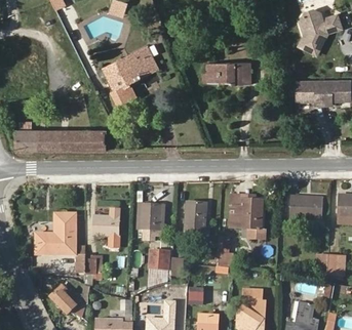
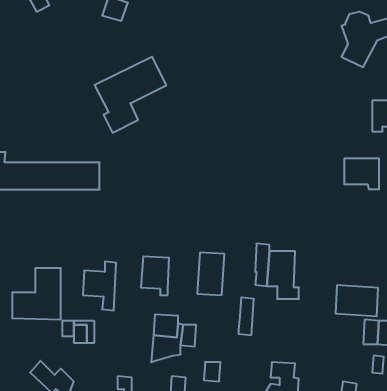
building: [205,63,250,85] -> none
building: [296,81,323,106] -> [344,158,379,189]
building: [288,196,322,220] -> [336,285,378,316]

